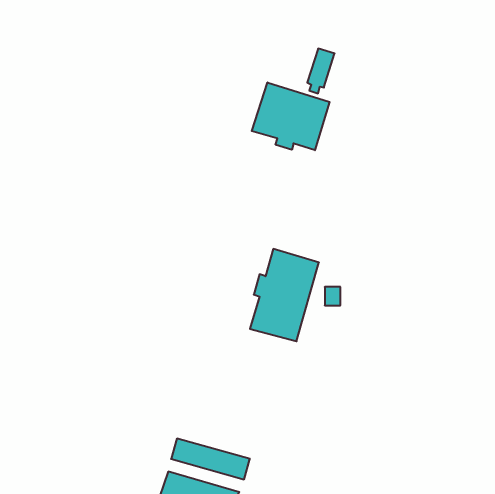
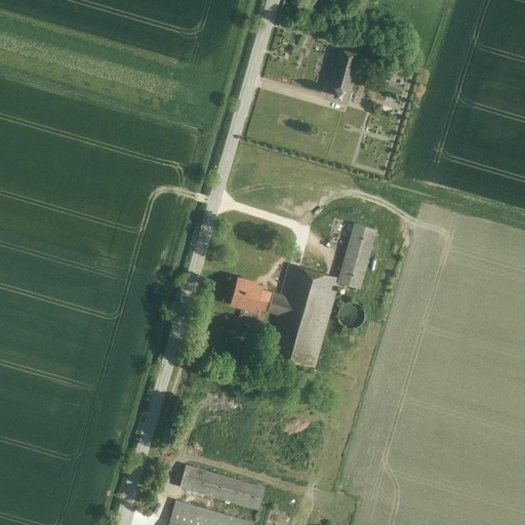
building: [252,82,330,150] -> none
building: none -> [338,226,374,289]
building: none -> [231,278,274,314]

